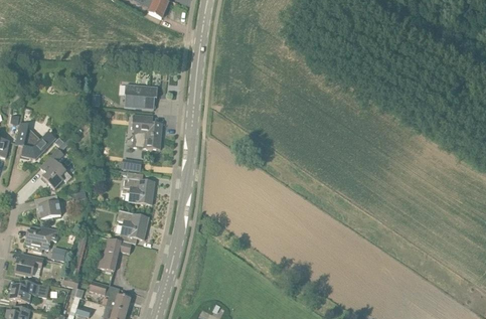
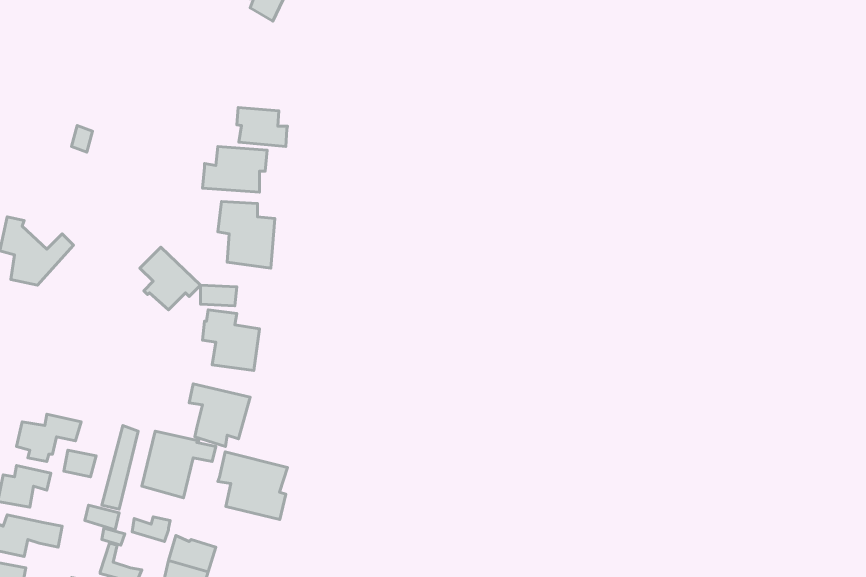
building: none -> [237,108,287,146]
building: [39,155,71,188] -> [140,247,201,310]
building: [38,194,61,218] -> none
building: none -> [218,452,287,520]

